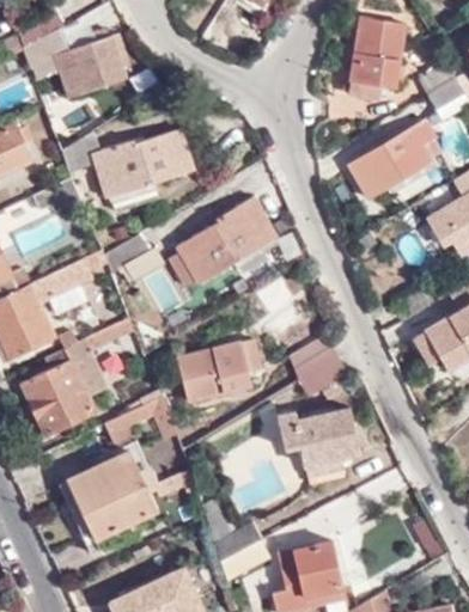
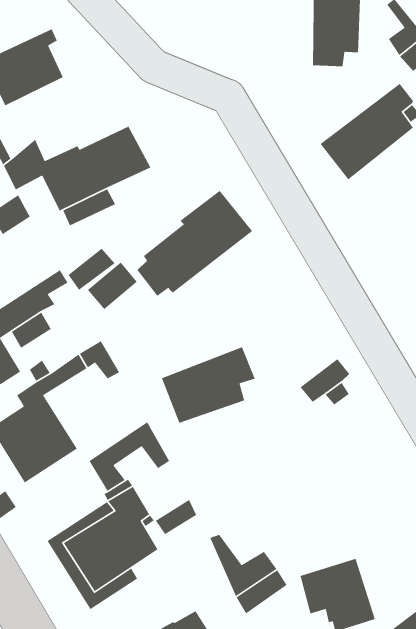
building: [288,337,339,381] -> none
building: [279,409,360,475] -> none

